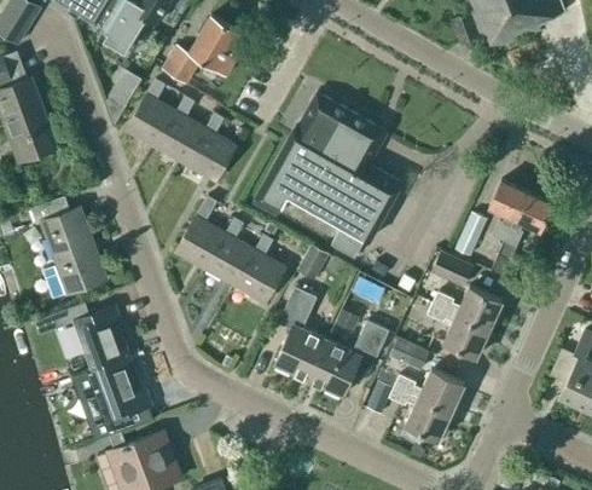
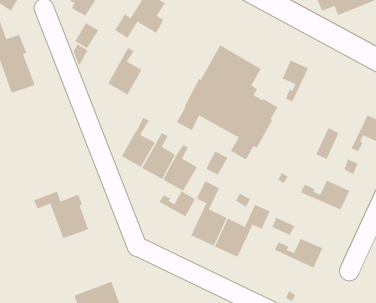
building: [126,80,176,148] -> none
building: [185,113,236,181] -> none
building: [488,180,527,241] -> [282,60,309,102]
building: [30,196,105,299] -> none
building: [429,250,472,288] -> none
building: none -> [159,190,196,217]
building: [426,304,489,358] -> none
building: [72,357,151,439] -> none
building: [366,380,451,440] -> none

